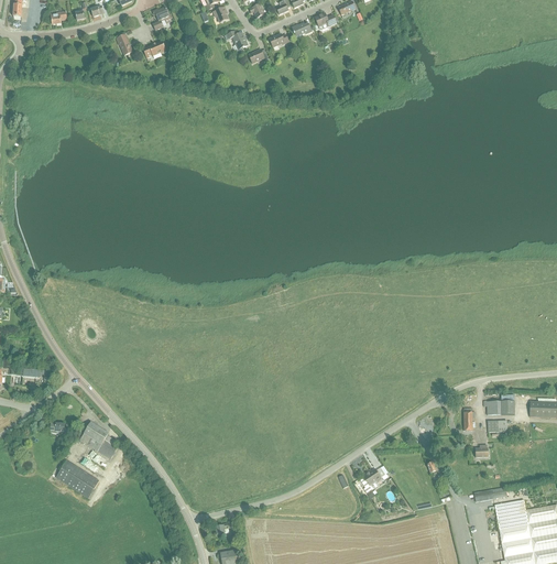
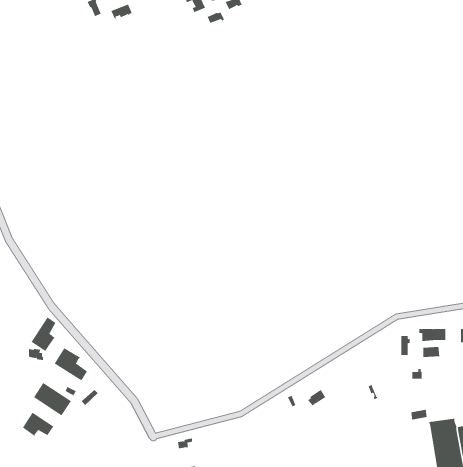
building: none -> [31,317,56,352]
building: none -> [22,412,54,437]

